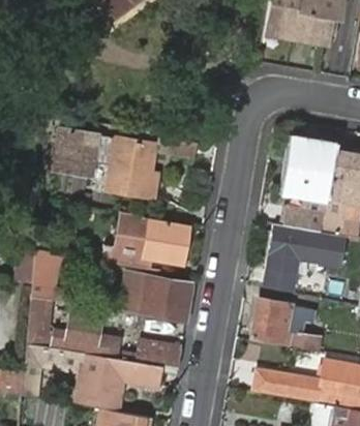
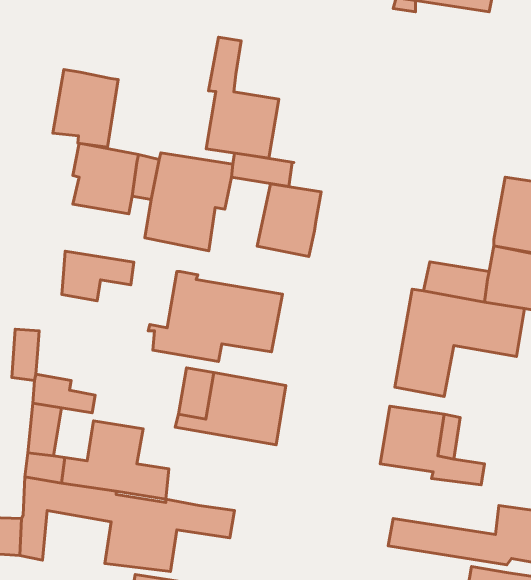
building: none -> [206,37,279,158]
building: none -> [53,70,118,147]
building: [289,145,334,191] -> none
building: none -> [257,184,321,257]
building: [31,250,78,282] -> [62,251,134,301]
building: [137,342,182,369] -> none

